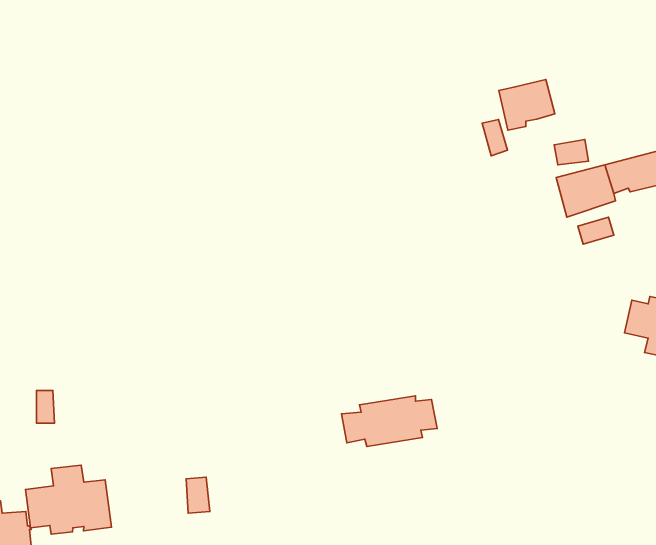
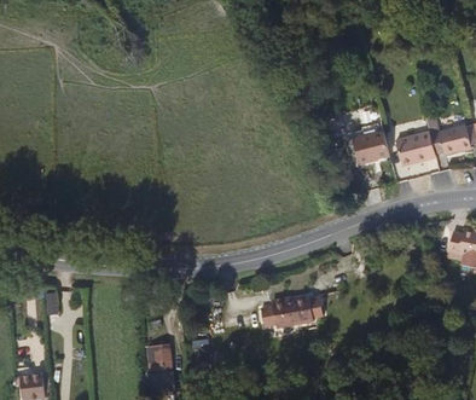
building: [499,80,555,130] -> [356,131,394,164]
building: [26,465,111,534] -> none

